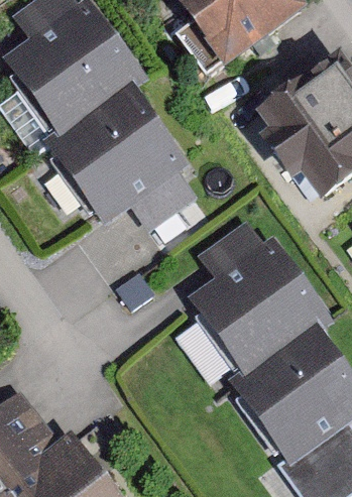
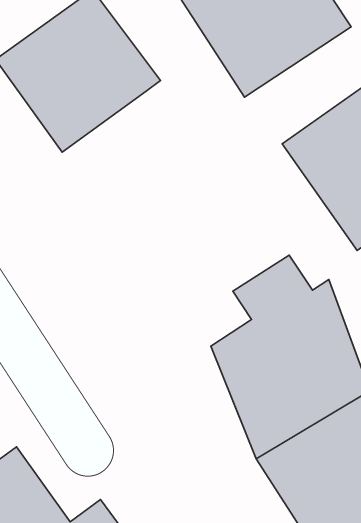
building: [48,80,190,220] -> none

